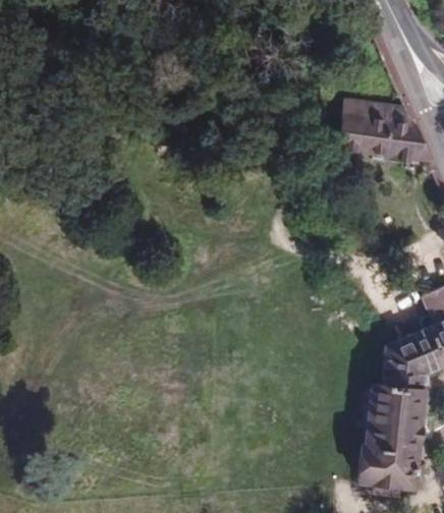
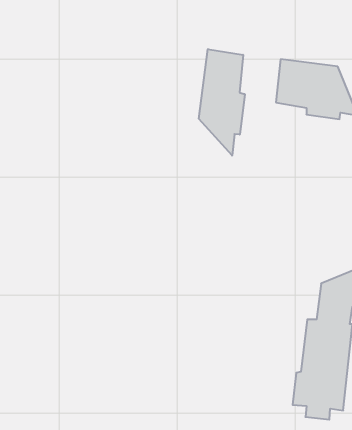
building: none -> [199,49,245,156]

